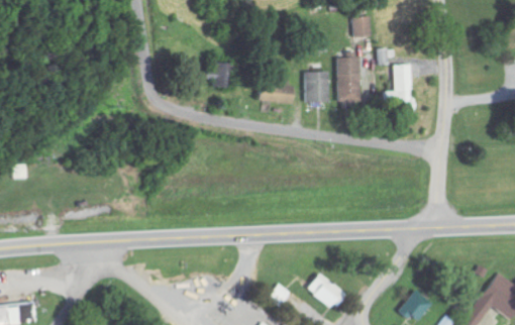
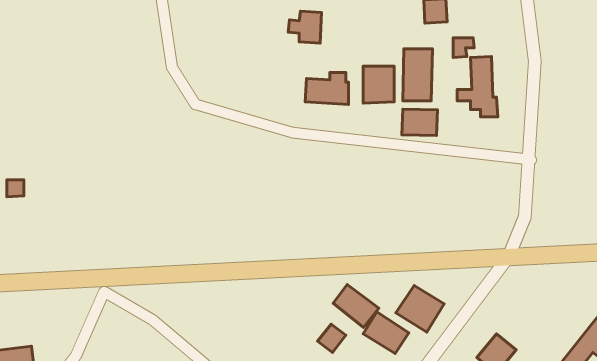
building: [204,62,231,88] -> [288,11,321,43]
building: none -> [402,109,438,136]
building: none -> [333,284,379,327]
building: none -> [396,285,444,332]

